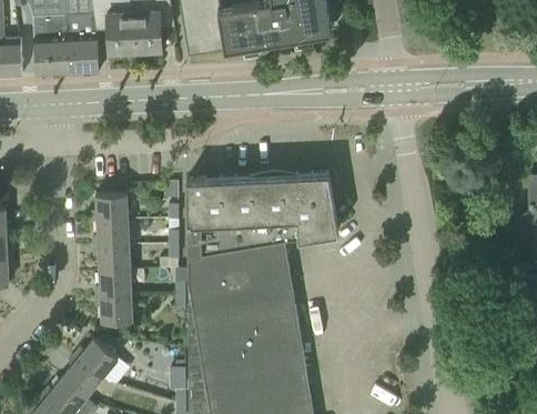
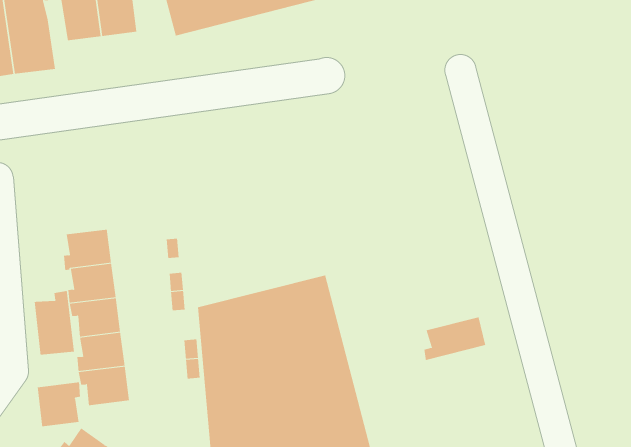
building: [186,173,338,258] -> none
building: none -> [34,290,74,356]
building: none -> [424,317,486,361]
building: none -> [37,381,81,427]

